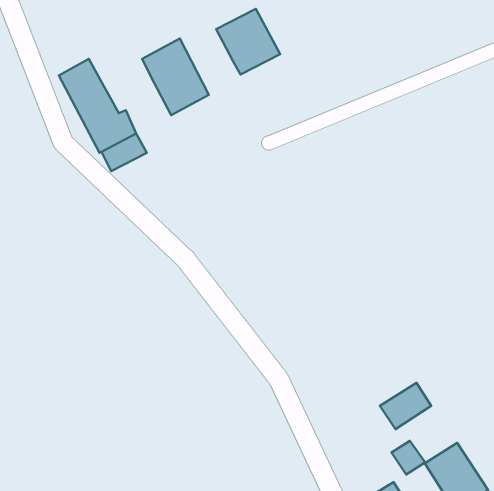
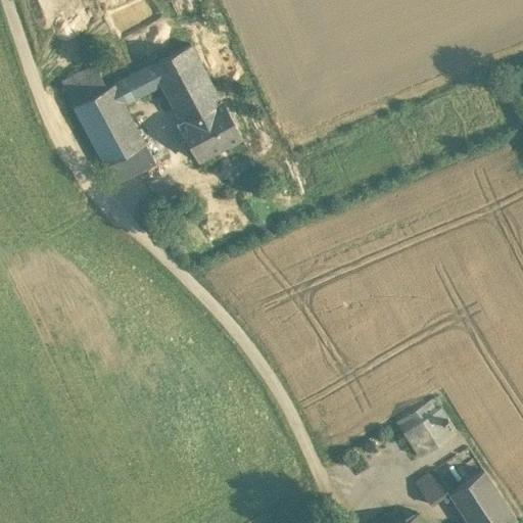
building: [216,9,280,75] -> none
building: none -> [106,65,159,106]
building: none -> [181,103,241,161]

